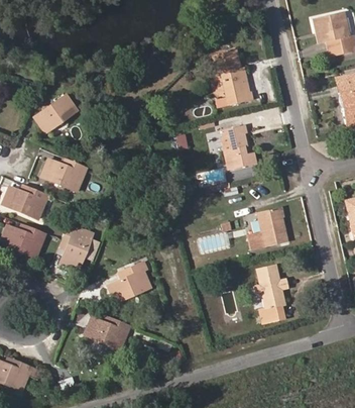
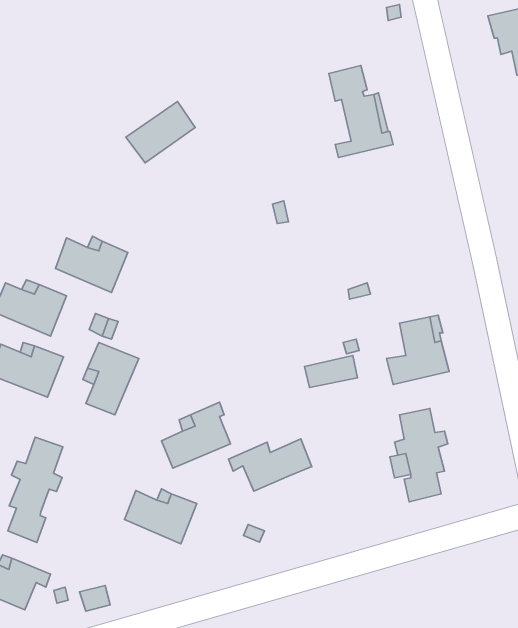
building: [33,94,77,132] -> [126,102,195,163]
building: [220,124,255,170] -> none
building: none -> [8,437,63,542]
building: none -> [228,439,312,491]

